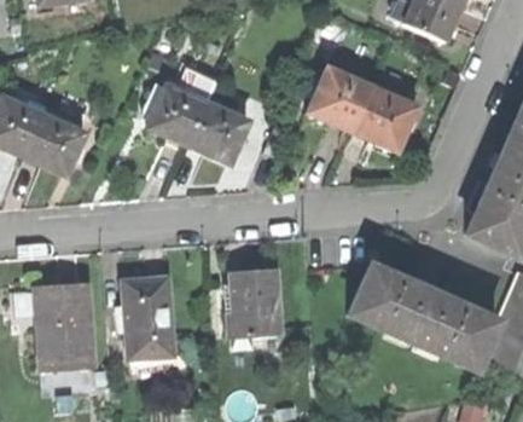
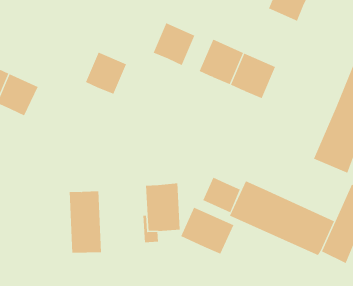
building: [188,102,248,162] -> [153,22,195,66]
building: none -> [202,177,241,213]
building: [36,283,92,368] -> none
building: none -> [180,207,234,254]

